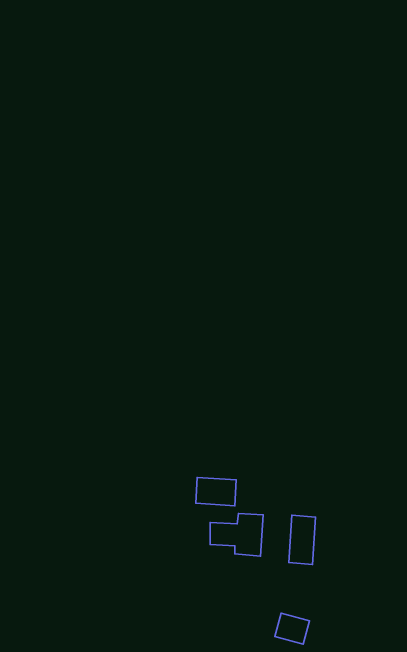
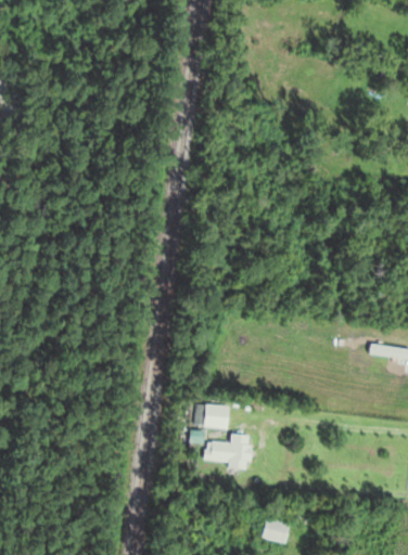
building: [289,515,315,565] -> none

